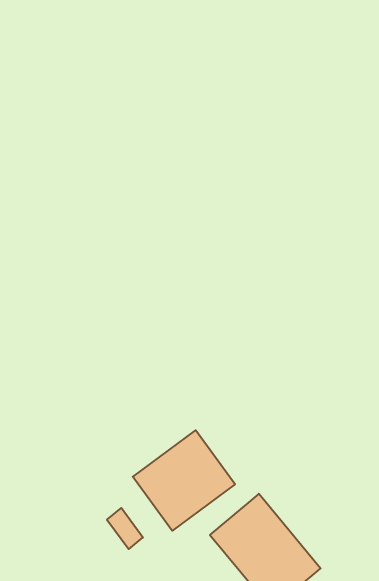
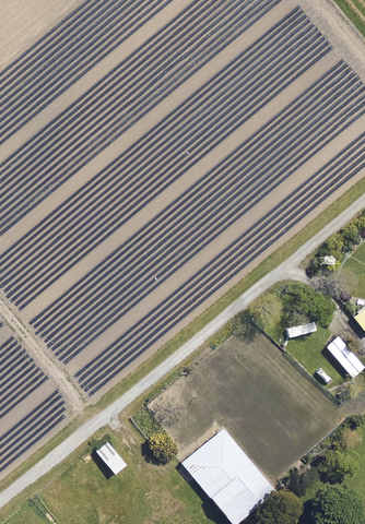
building: [133,430,235,531] -> none

